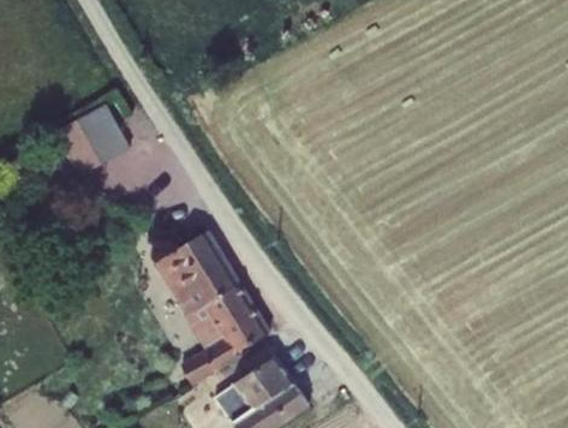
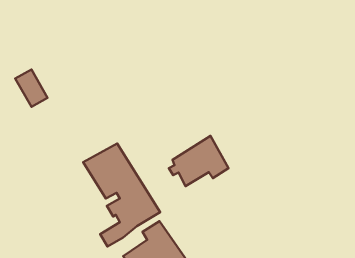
building: [77,106,127,164] -> none
building: none -> [169,136,229,186]

